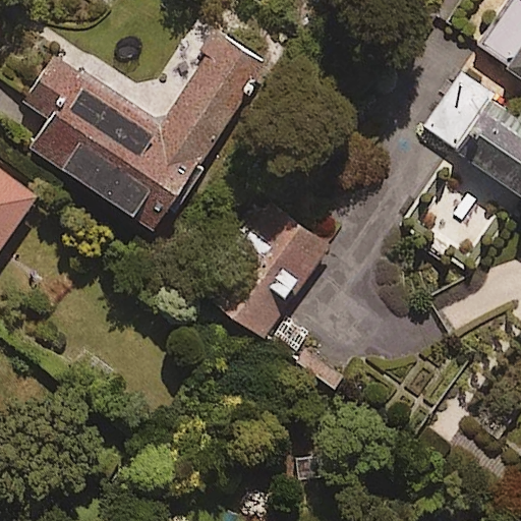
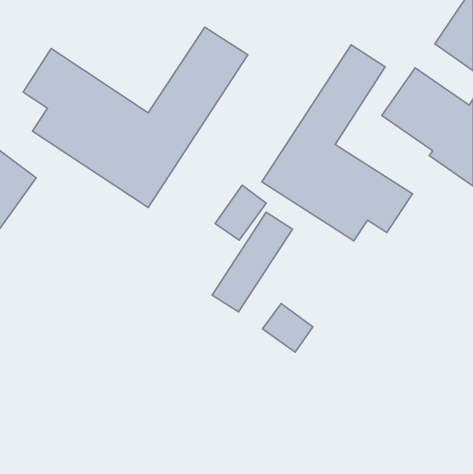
building: none -> [262,45,413,241]

